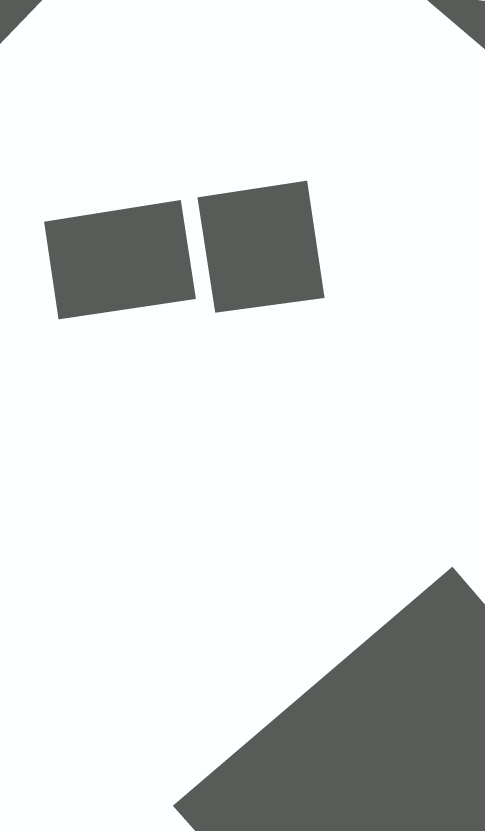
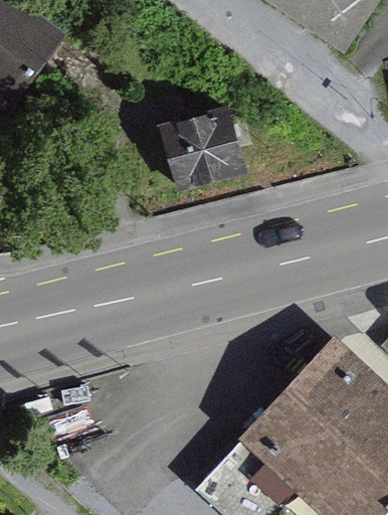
building: [43,199,197,320] -> none

